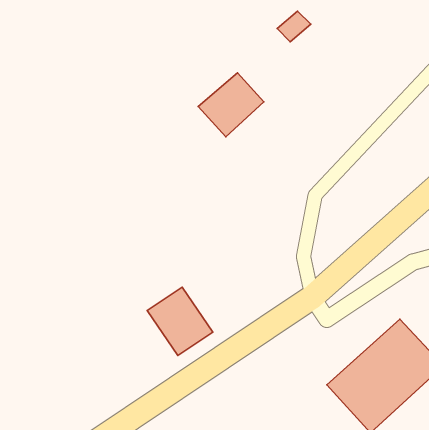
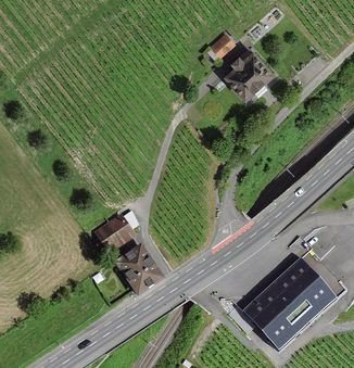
building: [198,73,264,137] -> [223,52,271,100]
building: none -> [96,214,135,251]

